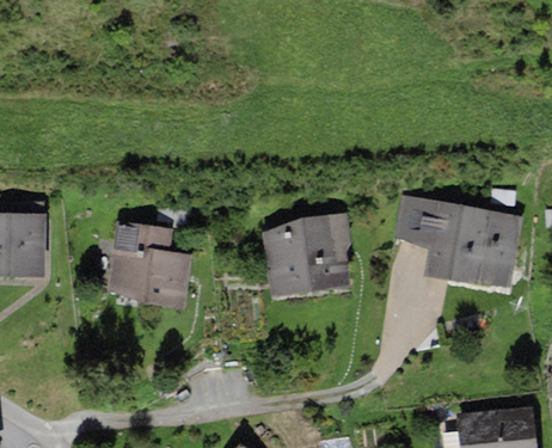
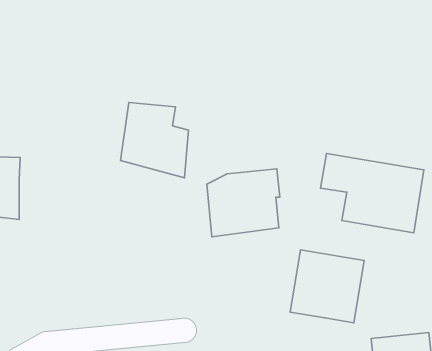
building: [109,221,189,309] -> [121,103,189,178]
building: none -> [290,250,364,323]

